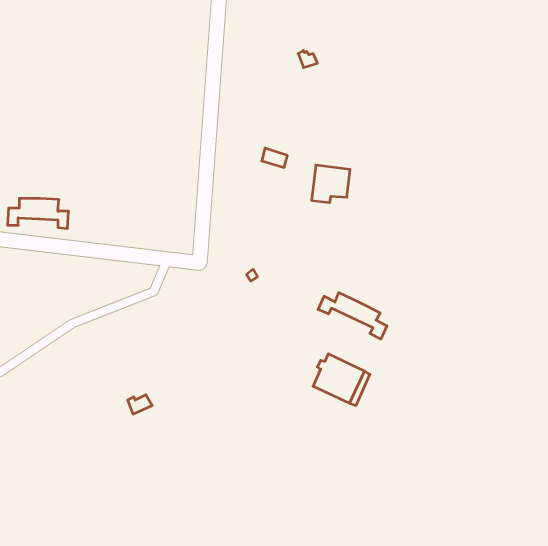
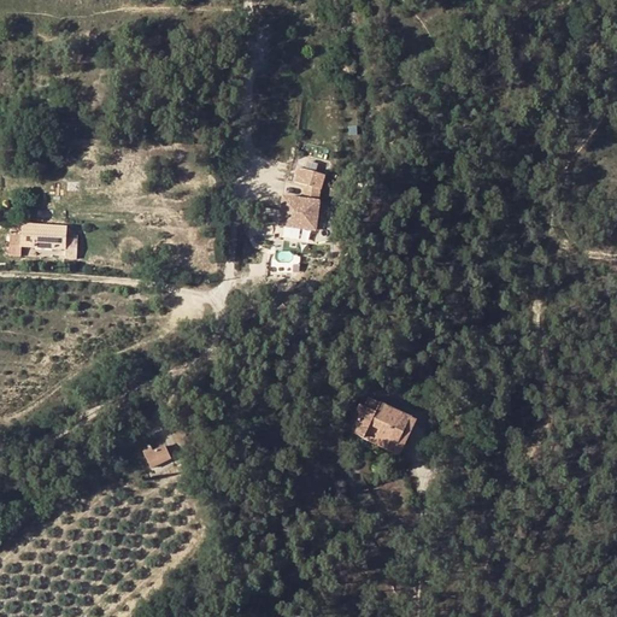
building: [312,165,350,203] -> [276,192,319,234]
building: [318,293,387,339] -> none

